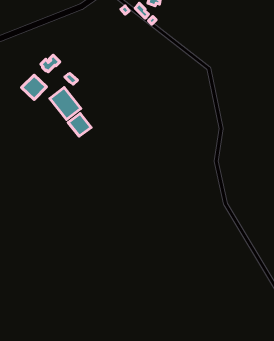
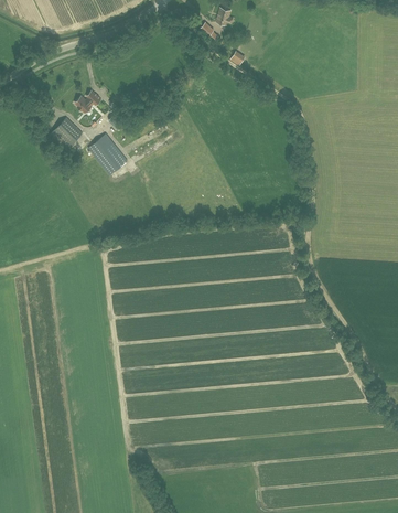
building: [68,114,91,136] -> none

